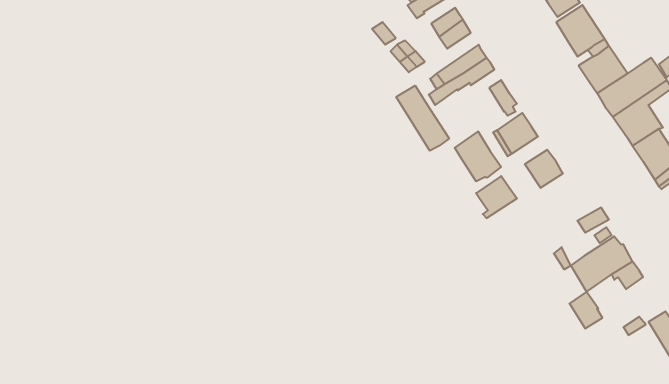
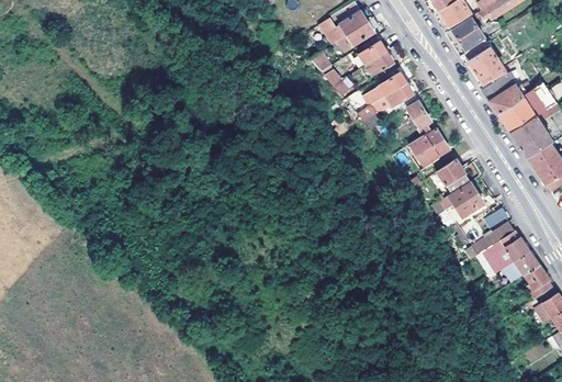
building: [396,86,449,151] -> none
building: [455,131,501,181] -> none
building: [476,176,517,218] -> [450,183,484,218]
building: [569,292,602,328] -> [522,267,550,297]

